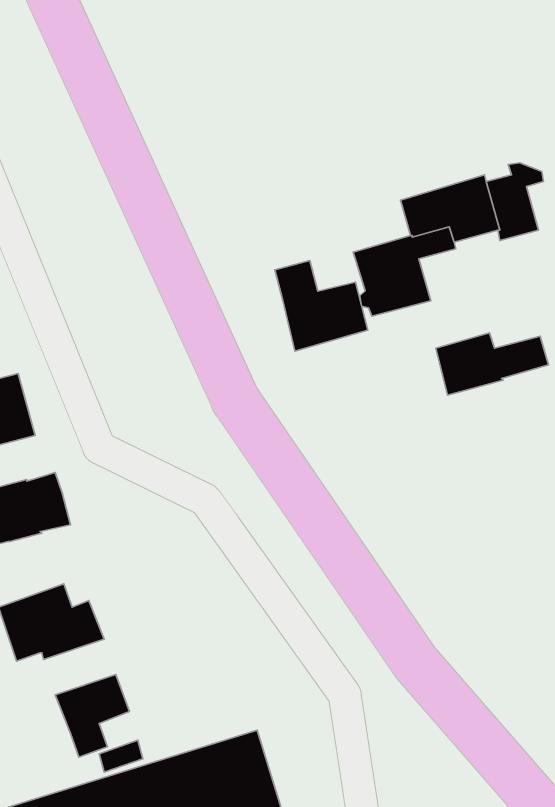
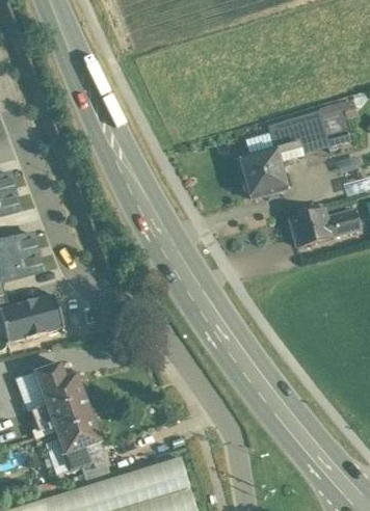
building: [275,261,368,351] -> none
building: none -> [31,398,93,432]

